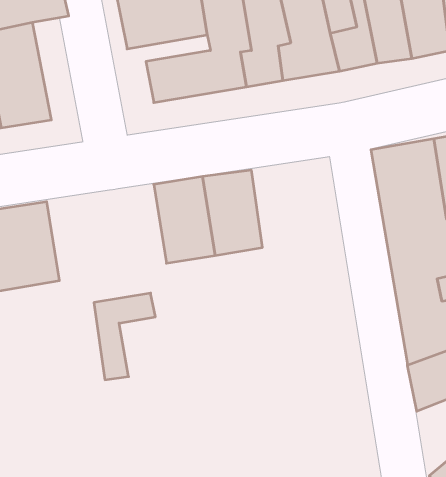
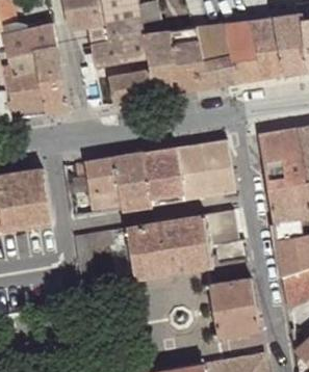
building: none -> [33,46,71,114]
building: none -> [178,139,235,198]
building: none -> [76,157,122,213]
building: none -> [127,209,237,277]
building: none -> [209,276,258,338]

